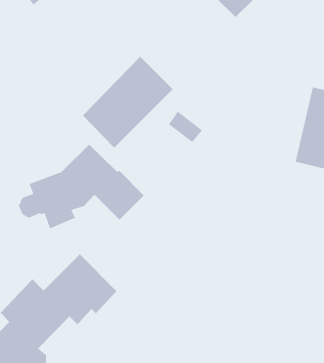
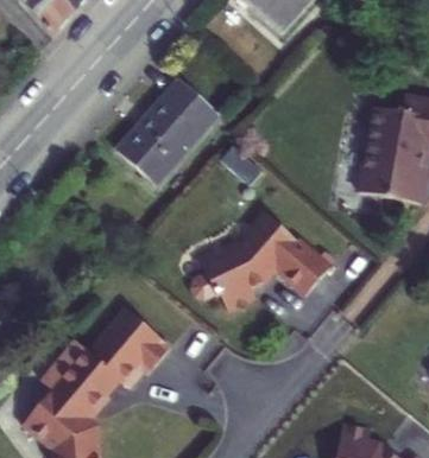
building: [18,144,145,229] -> [188,210,328,307]

